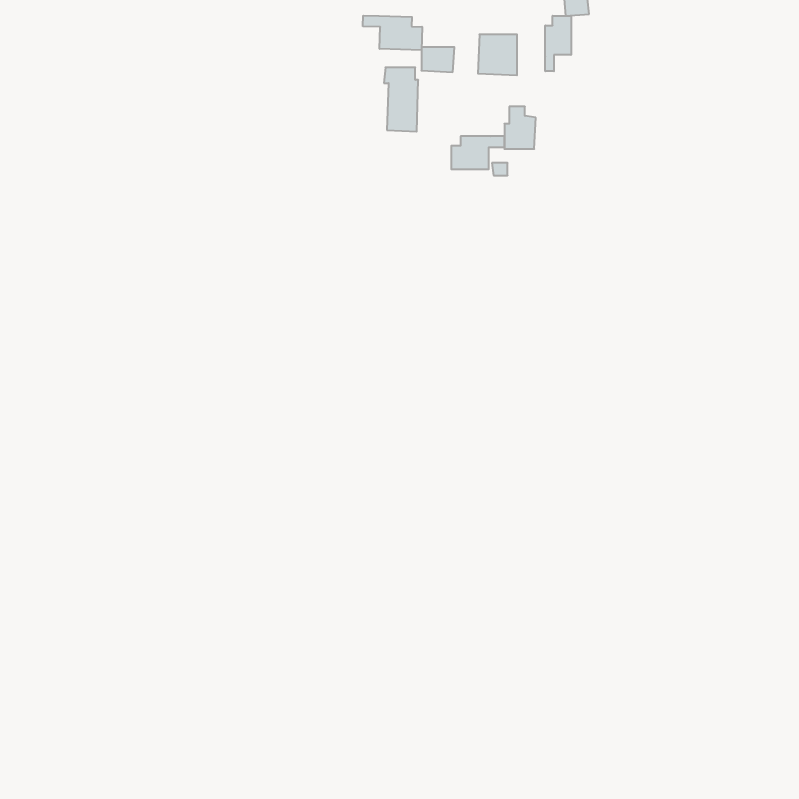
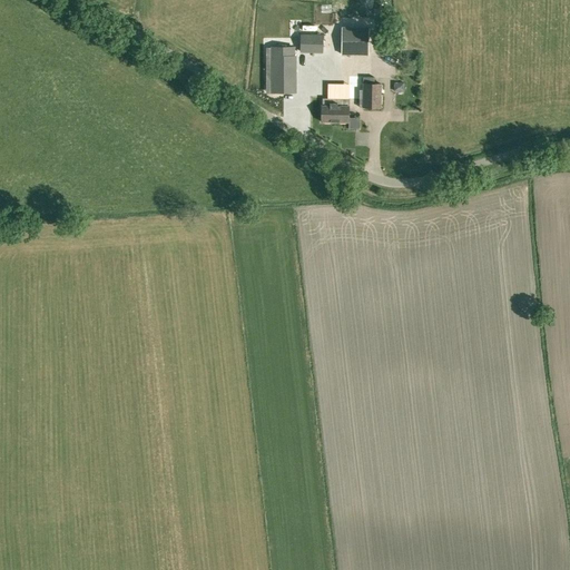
building: [363,16,422,50] -> none
building: [545,16,571,71] -> none

